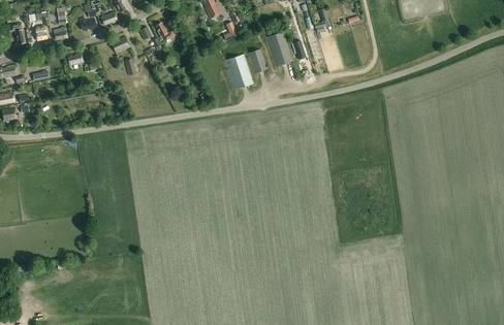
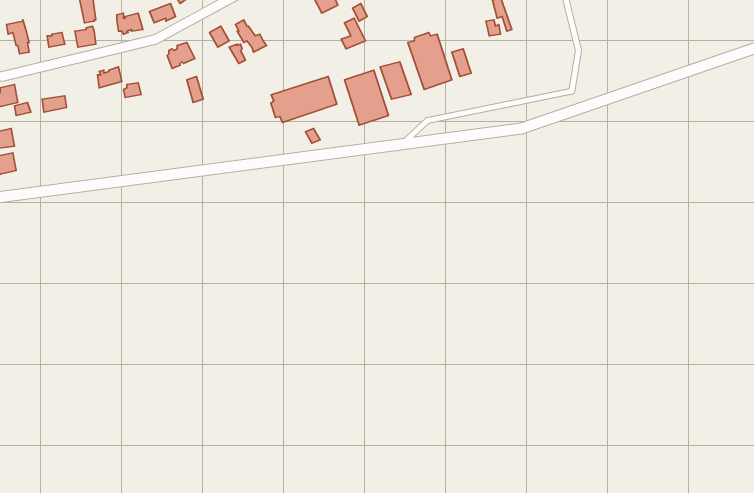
building: none -> [271,77,337,123]

